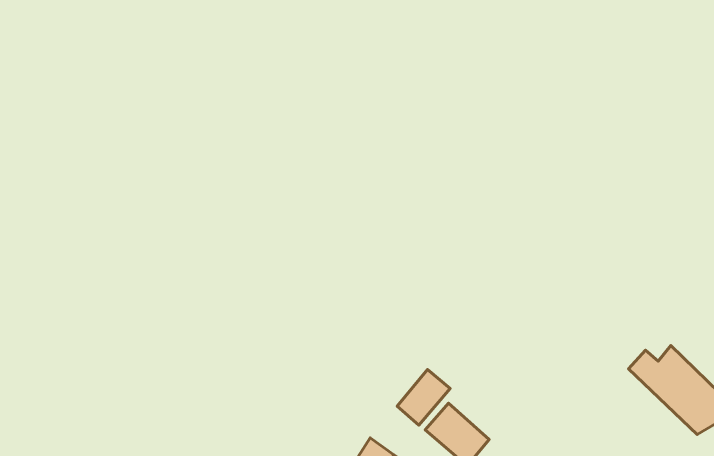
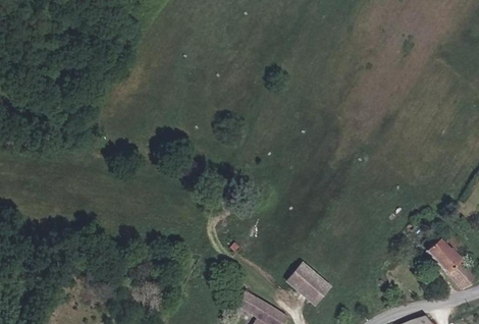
building: [397,370,450,425] -> none

